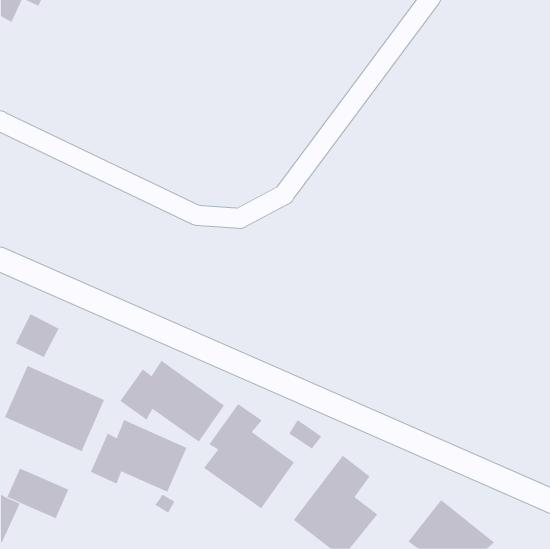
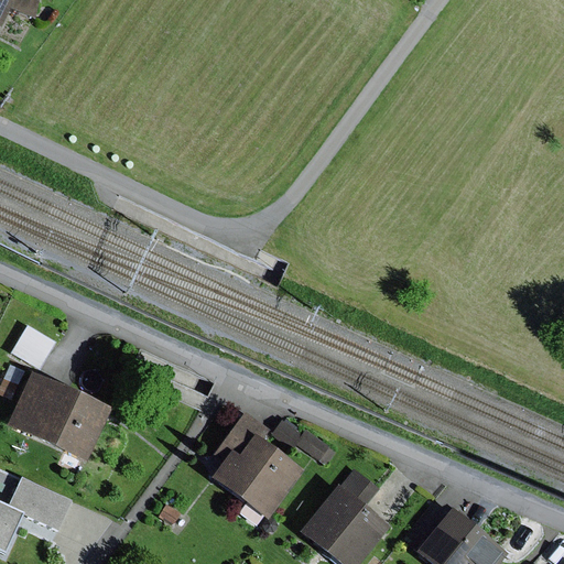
building: [120,360,225,442] -> none
building: [90,419,187,492] -> none

